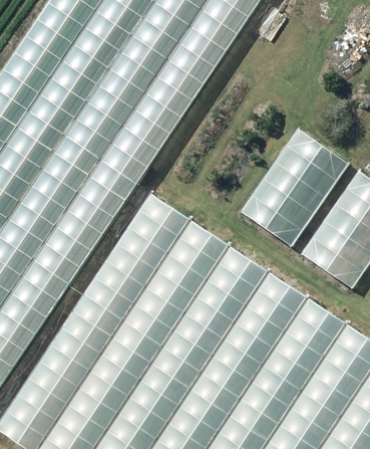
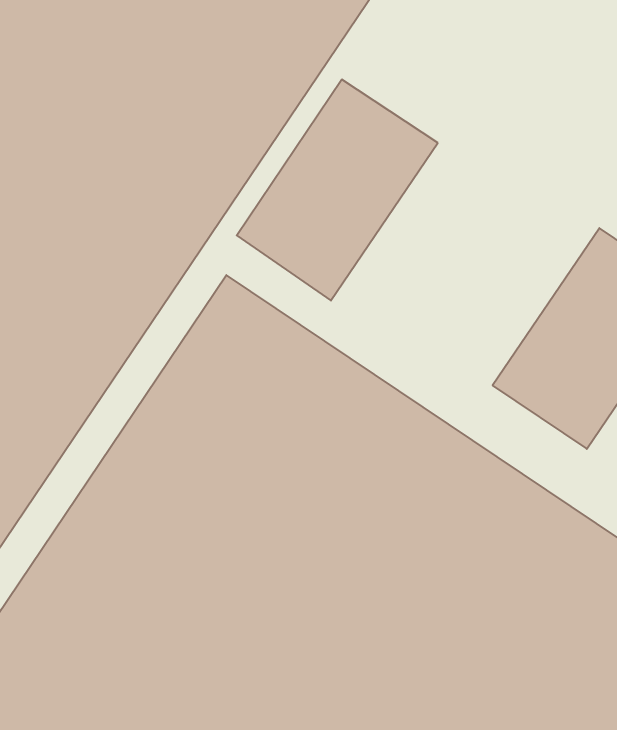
building: [241,125,352,247] -> [237,80,438,301]

